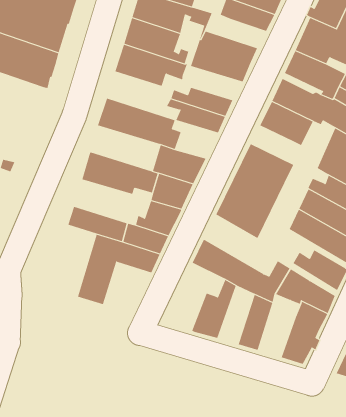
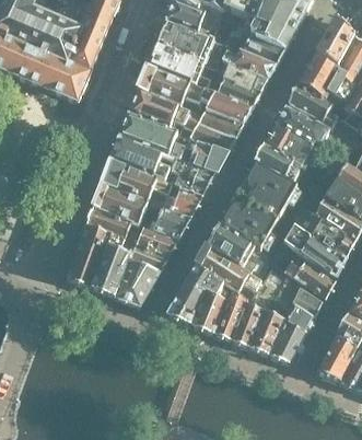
building: none -> [222,43,277,77]
building: none -> [200,86,253,121]
building: none -> [130,89,190,131]
building: none -> [187,136,227,172]
building: none -> [255,144,299,183]
building: none -> [113,136,175,180]
building: none -> [94,182,163,227]
building: none -> [208,222,272,278]
building: none -> [68,222,113,287]
building: none -> [163,263,224,324]
building: none -> [115,258,160,304]
building: none -> [214,287,249,339]
building: none -> [249,297,284,354]

